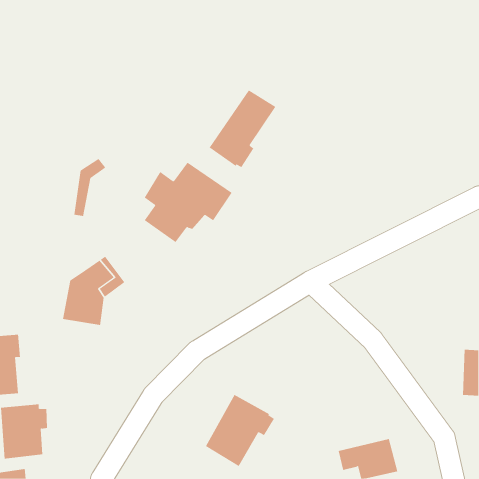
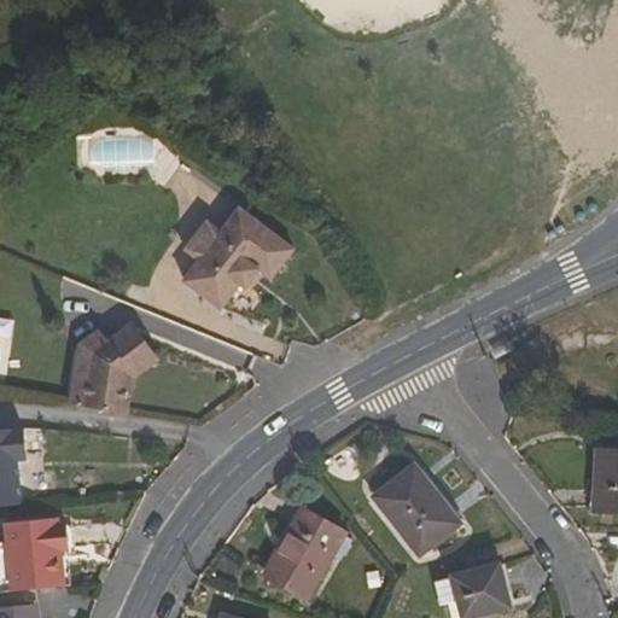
building: [209,90,276,168] -> none
building: [73,158,106,217] -> [66,334,109,409]
building: none -> [373,462,459,553]

